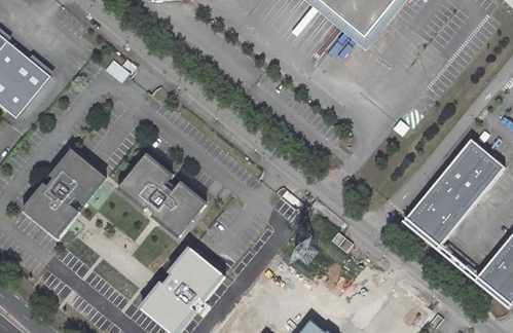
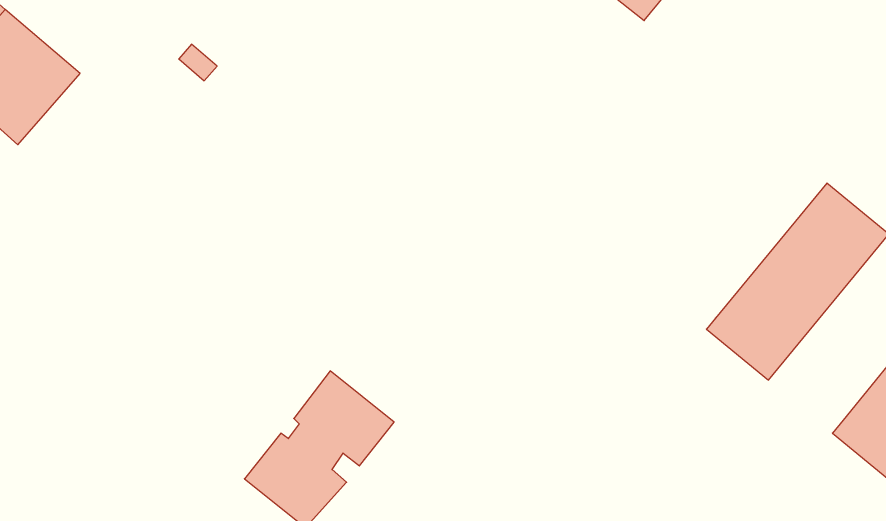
building: [21,147,106,236] -> none
building: [121,151,208,232] -> none

